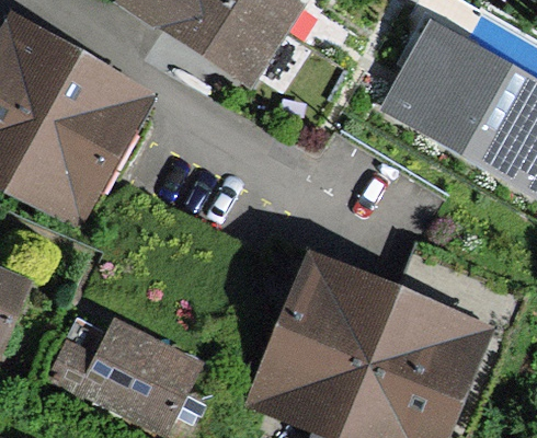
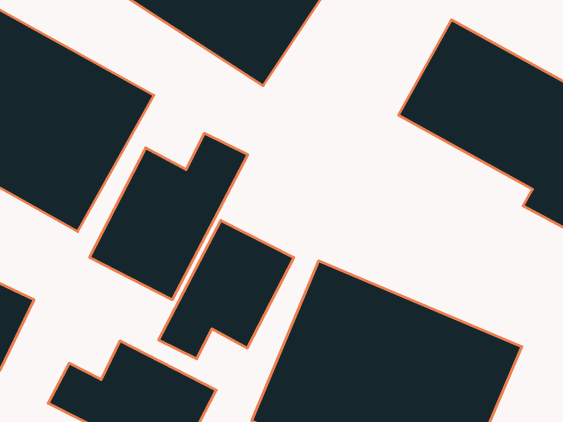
building: none -> [90,133,248,300]
building: none -> [159,220,294,359]

